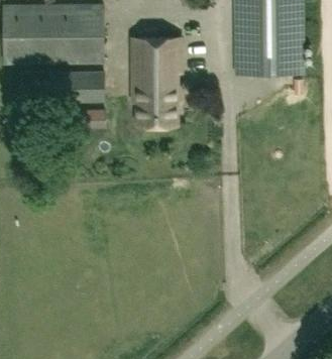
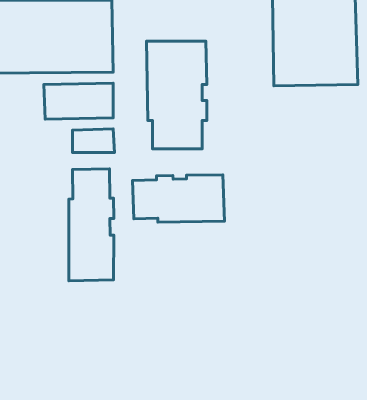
building: none -> [69,169,114,281]
building: none -> [133,175,224,222]

